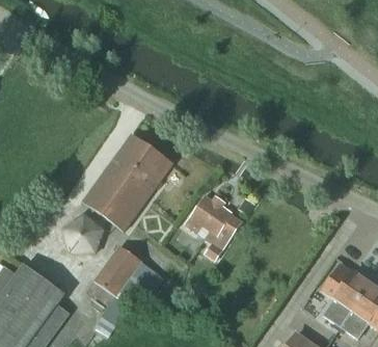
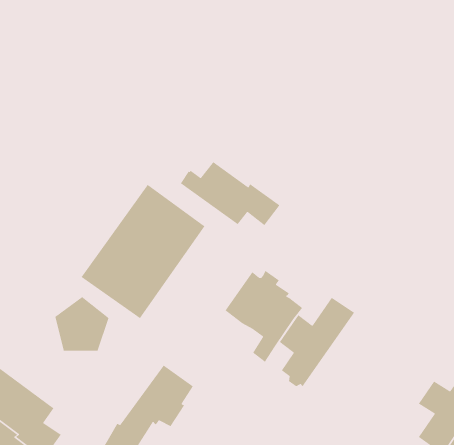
building: none -> [180,161,281,226]
building: none -> [279,297,355,387]
building: [88,244,142,304] -> none

